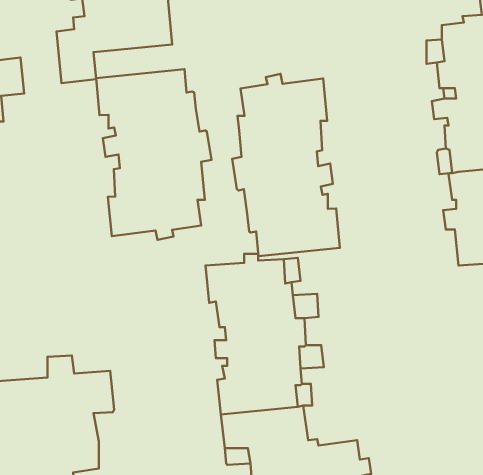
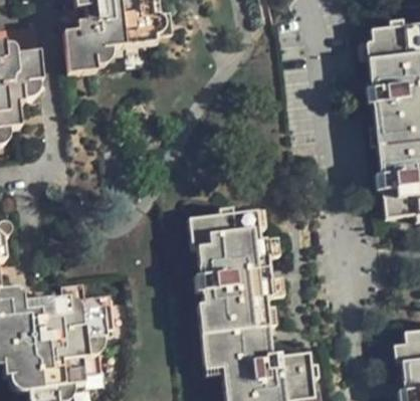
building: [96,69,211,240] -> none
building: [232,74,340,256] -> none

